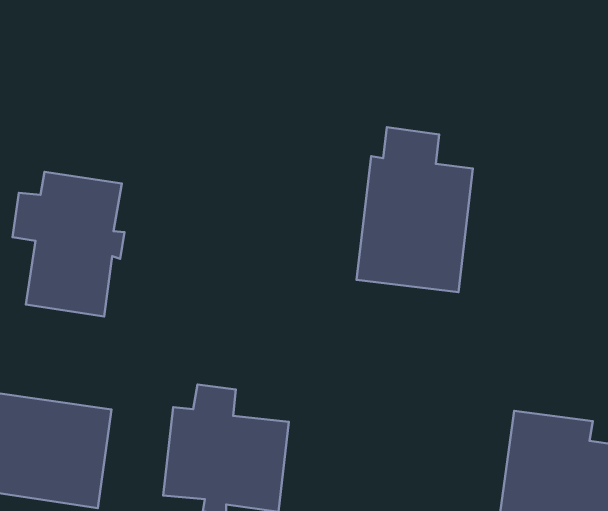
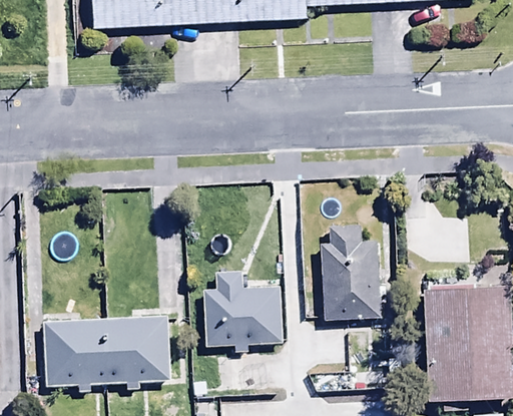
building: [357,127,473,292] -> [321,219,391,320]
building: [12,172,125,316] -> none

